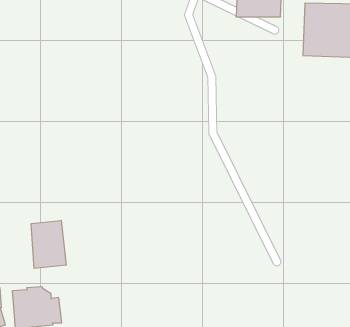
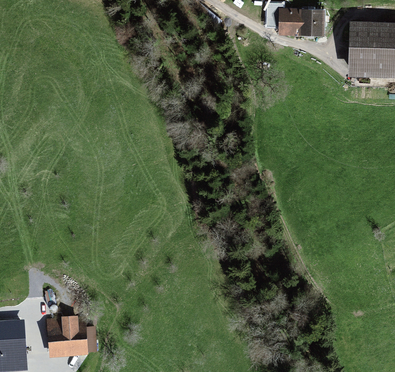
building: [31,220,66,268] -> none

